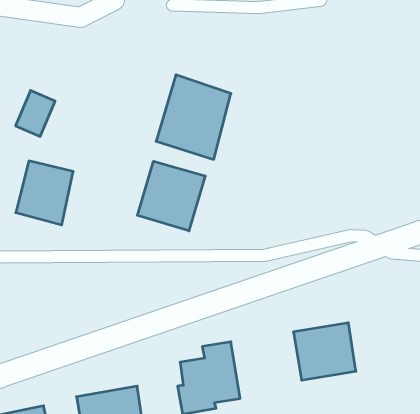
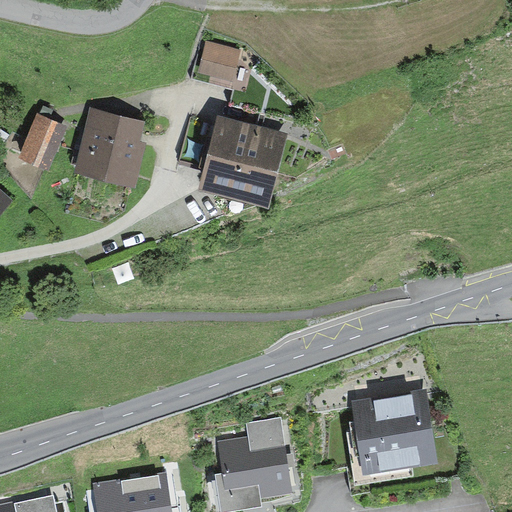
building: none -> [198,48,241,89]
building: [16,161,73,225] -> [75,102,145,180]
building: [137,161,205,231] -> none

